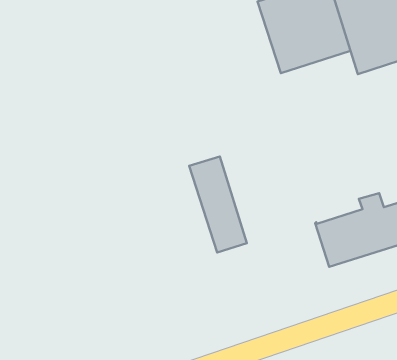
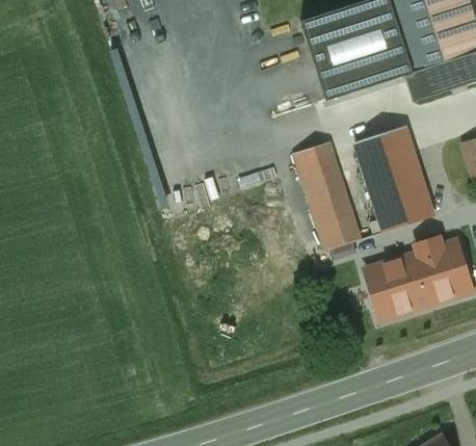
building: none -> [354,126,431,230]
building: [189,156,247,252] -> [293,140,358,247]

